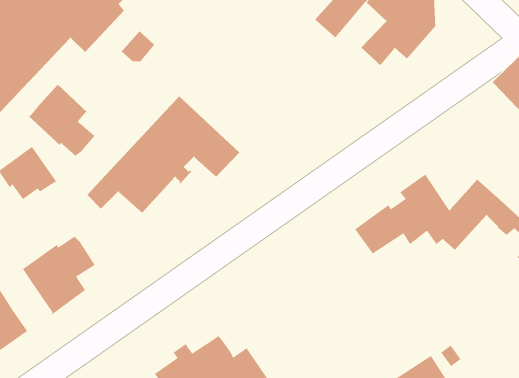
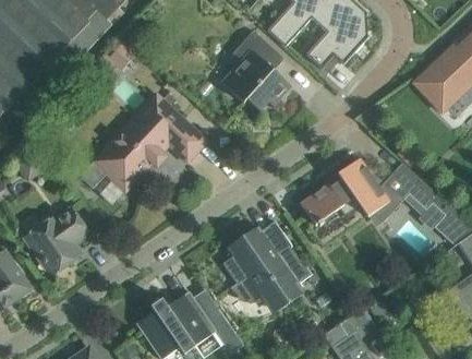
building: none -> [221,31,290,110]
building: [27,83,95,157] -> none
building: none -> [222,220,312,314]

